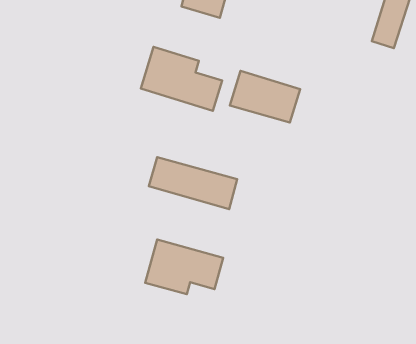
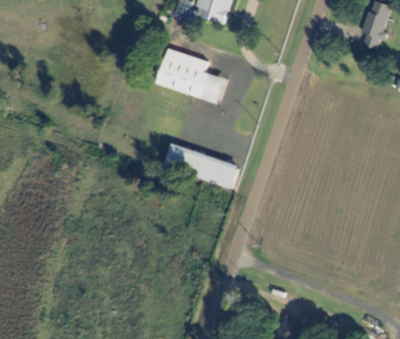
building: [230,71,300,122] -> none
building: [145,240,223,294] -> none

